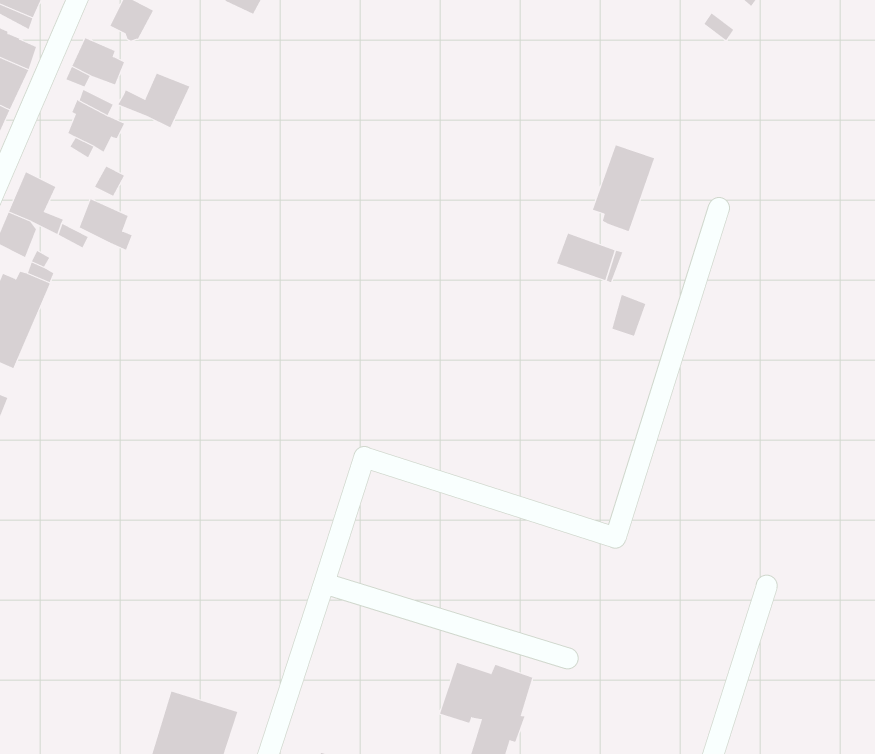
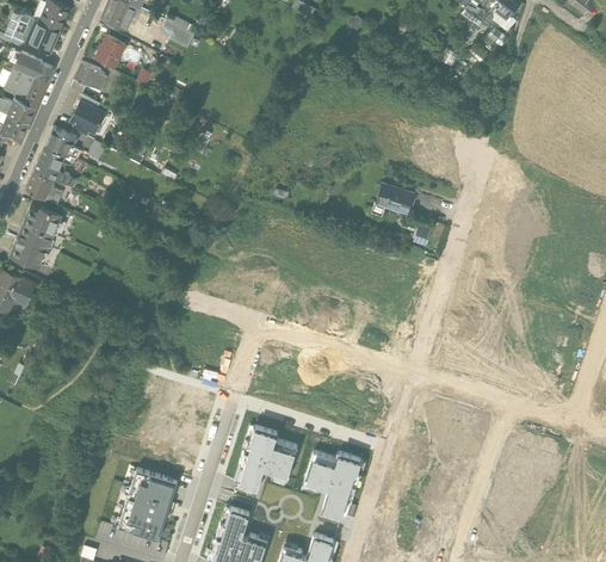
building: [117,73,190,128] -> none
building: [592,144,655,232] -> none
building: [79,199,132,250] -> [45,128,79,160]
building: none -> [237,426,298,489]

